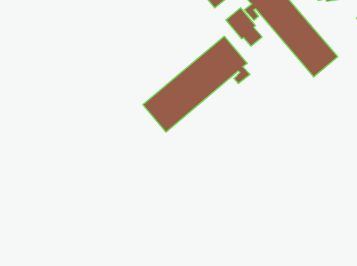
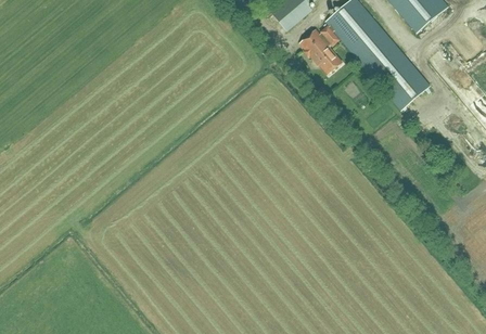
building: [143,36,250,132] -> none

